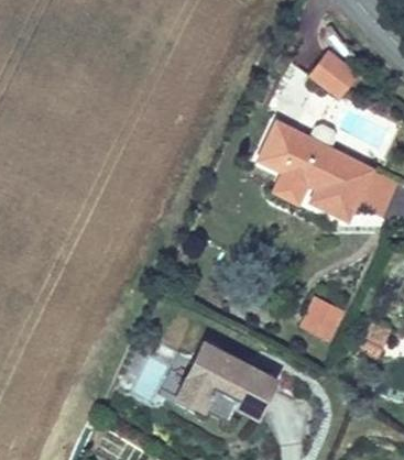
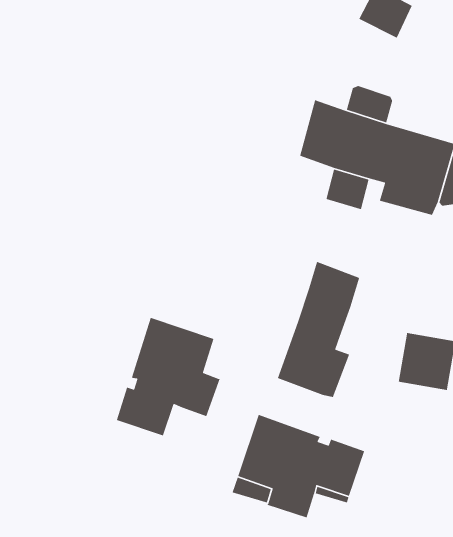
building: none -> [277,261,360,398]
building: none -> [116,317,221,436]

